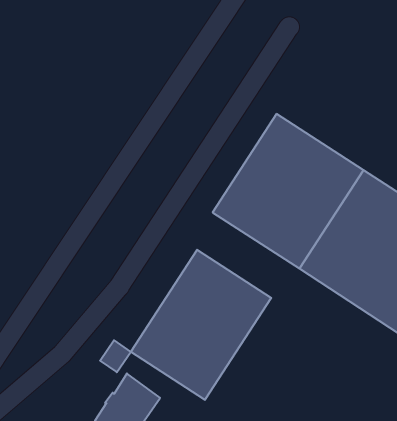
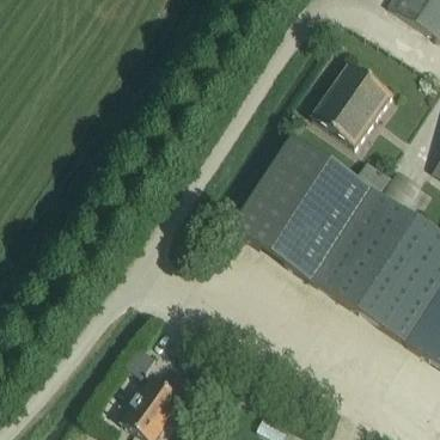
building: none -> [311,61,392,147]
building: [131,250,271,400] -> none

